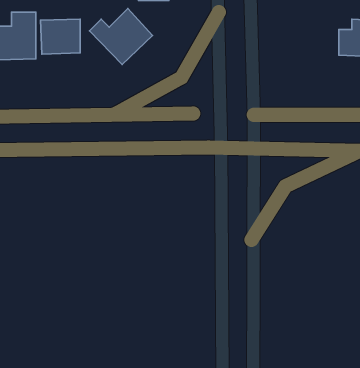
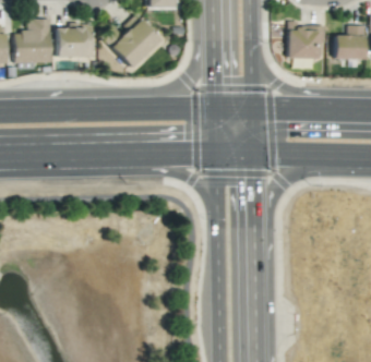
building: none -> [289,25,326,60]

